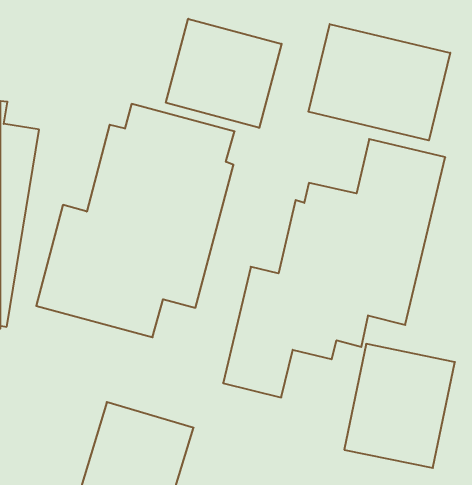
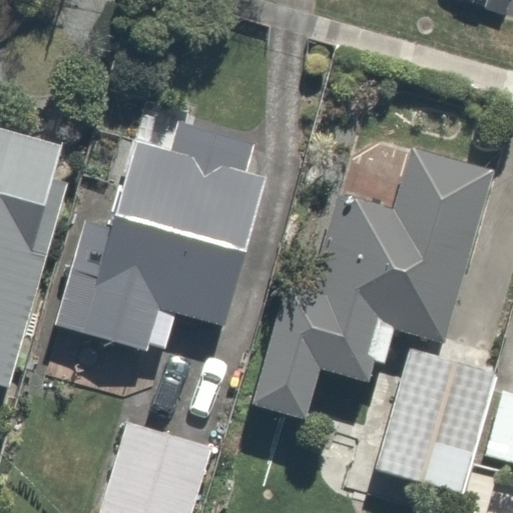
building: [166,19,282,128] -> none
building: [308,24,450,140] -> none

